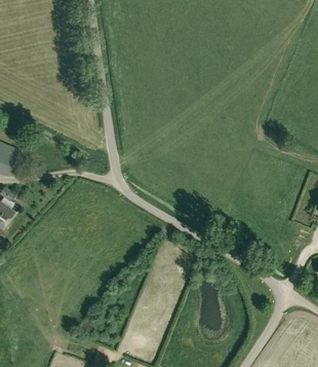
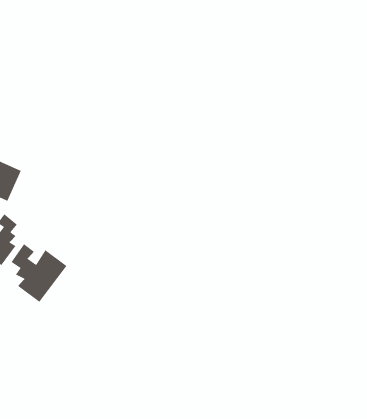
building: none -> [11,243,67,303]

